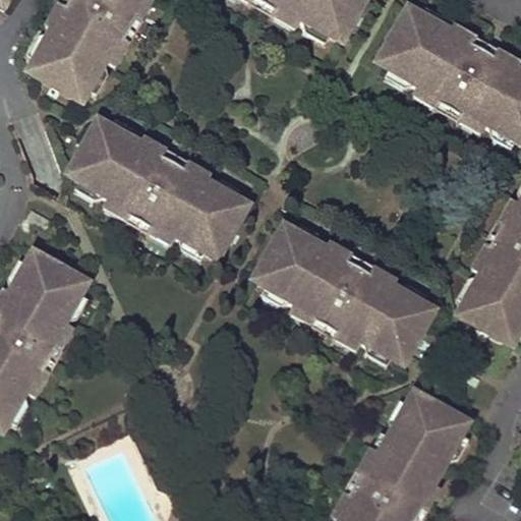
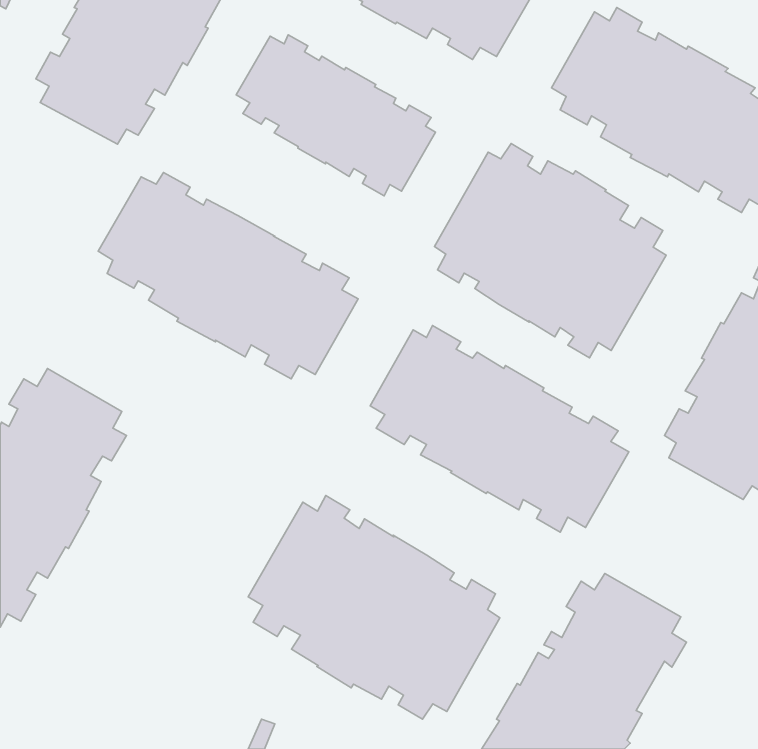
building: none -> [236,35,436,196]
building: none -> [435,143,666,358]
building: none -> [248,496,500,719]

